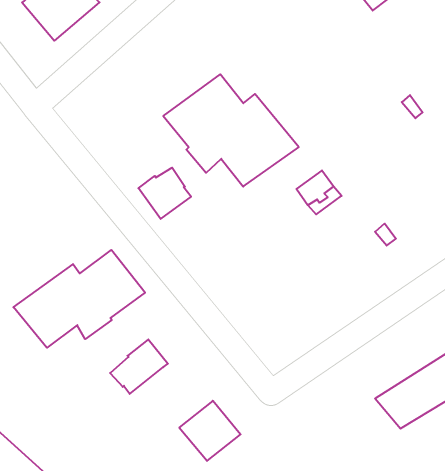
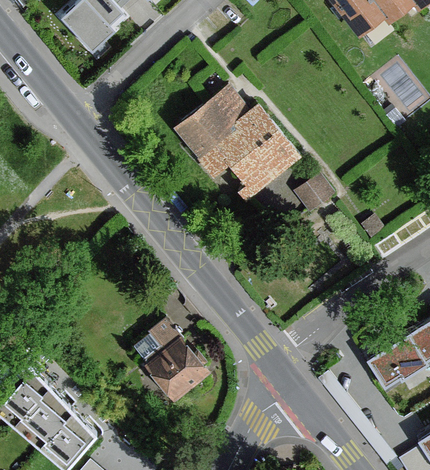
building: [138,168,191,219] -> none
building: [13,250,145,348] -> none
building: [179,401,241,461] -> [151,340,204,392]

